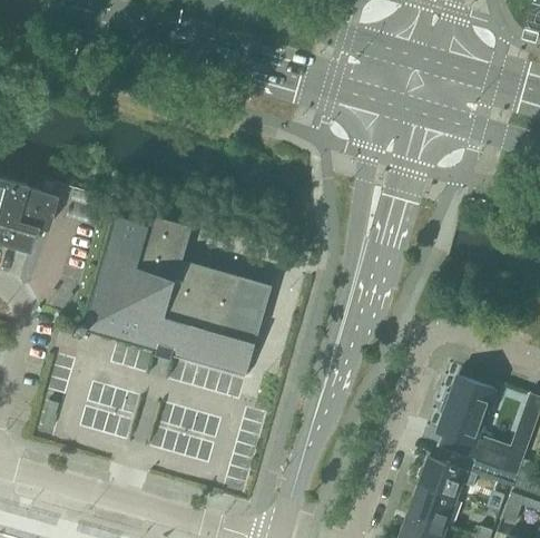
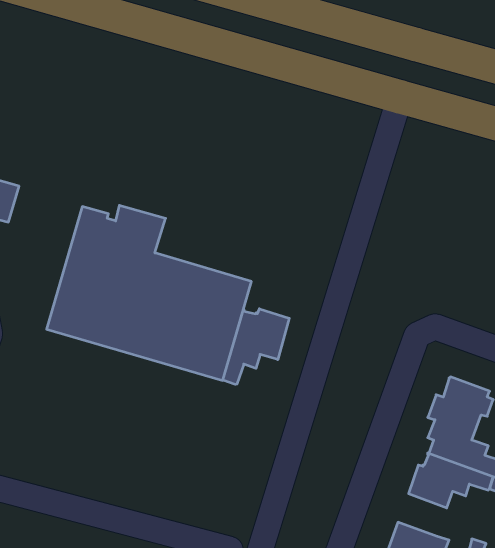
building: none -> [223,309,289,384]
building: [410,483,455,524] -> none

